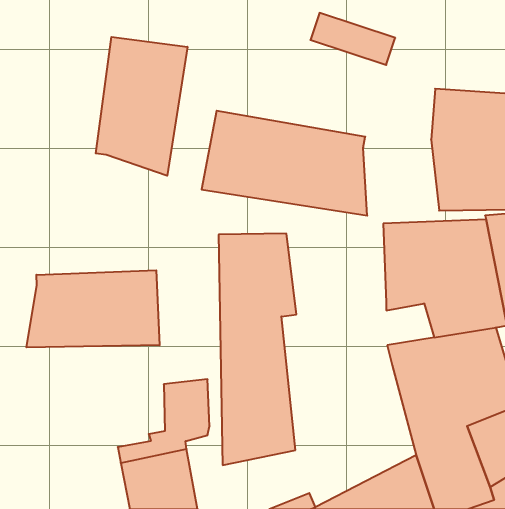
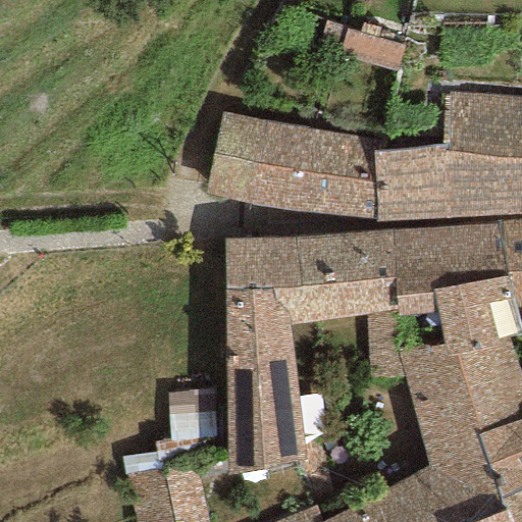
building: [96,37,187,176] -> none
building: none -> [376,143,454,220]
building: none -> [298,228,406,377]
building: [26,270,160,347] -> none

